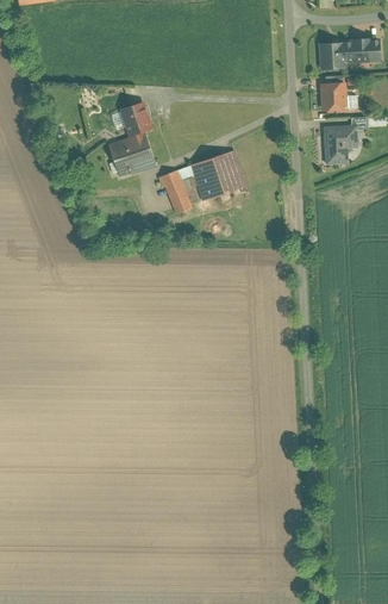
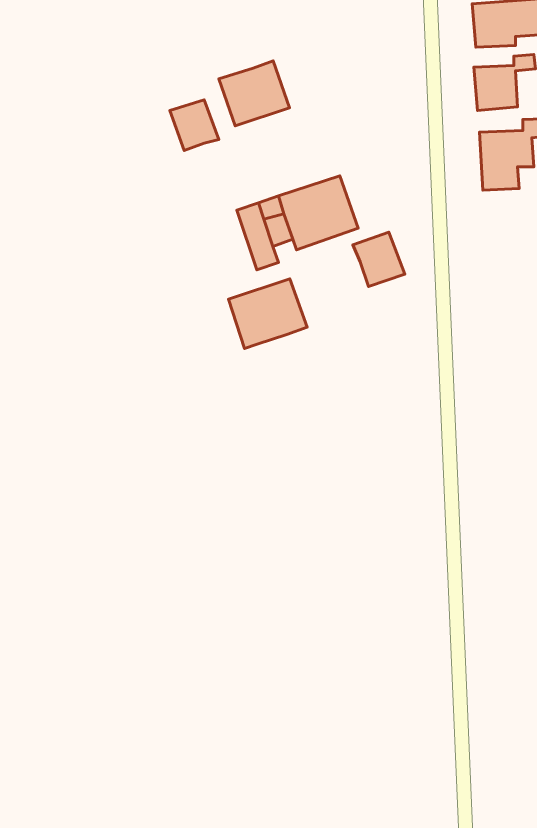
building: [106,132,152,175] -> [219,61,289,126]
building: none -> [353,232,405,287]
building: none -> [229,279,307,348]

